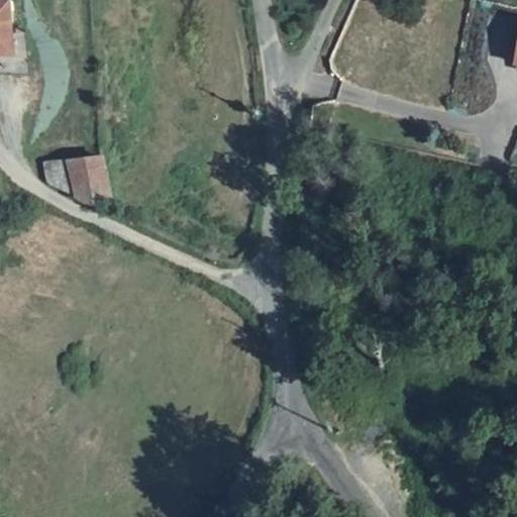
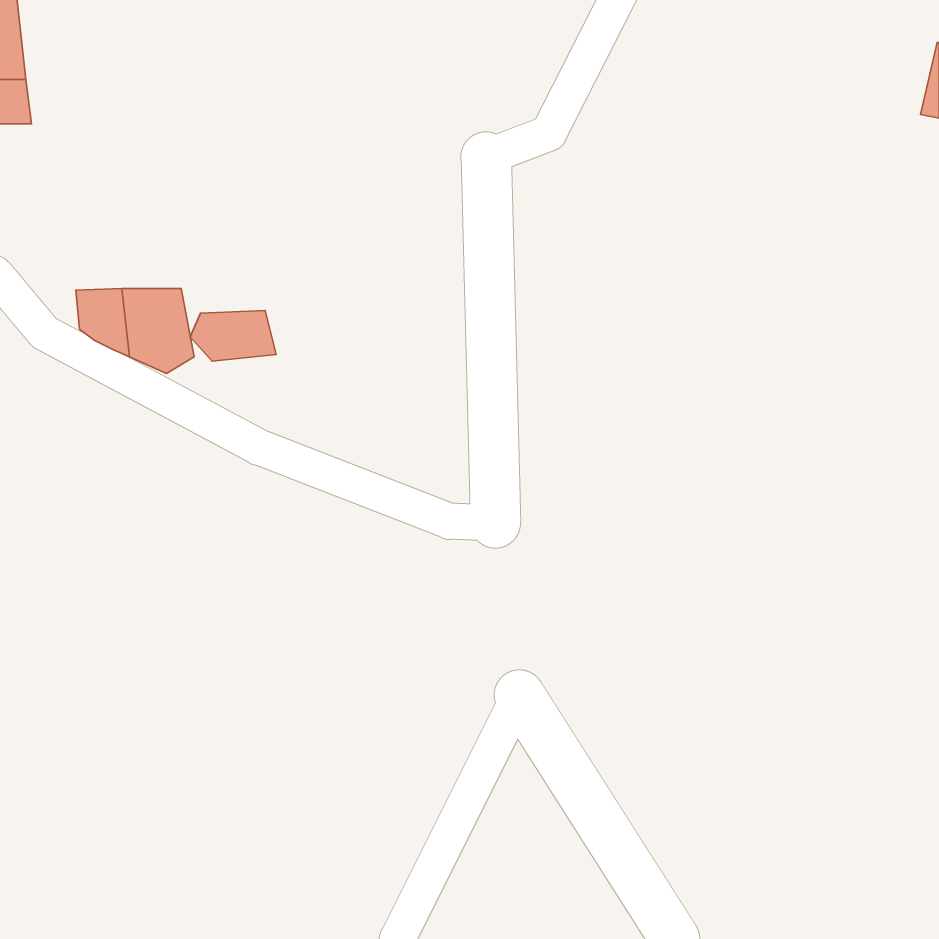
building: none -> [190,310,276,361]

